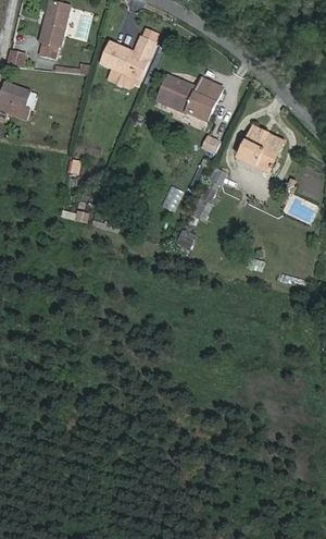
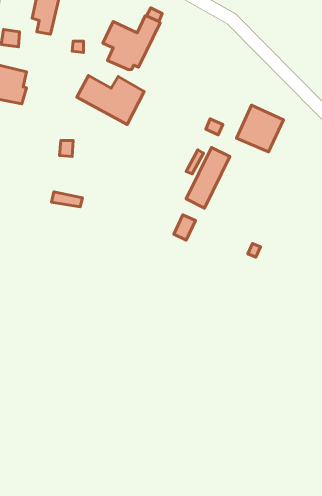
building: [159,75,223,122] -> [77,75,144,125]

